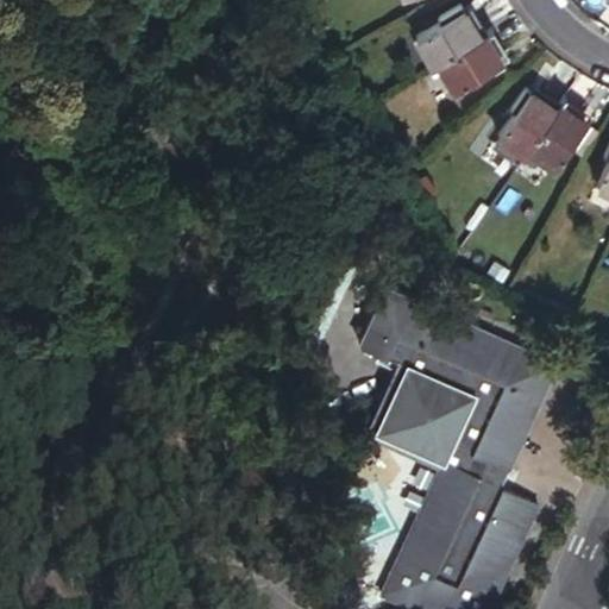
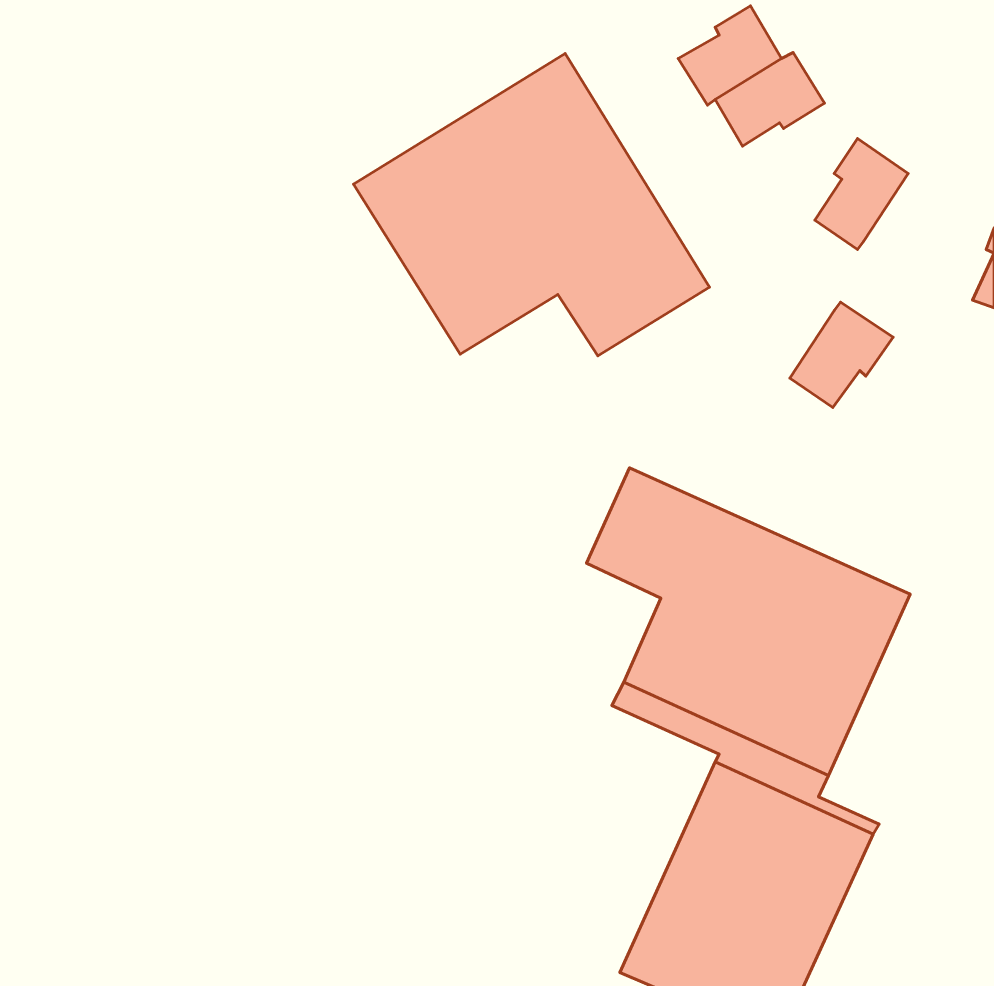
building: none -> [354,54,709,356]
building: [527,107,590,171] -> [790,302,893,407]

